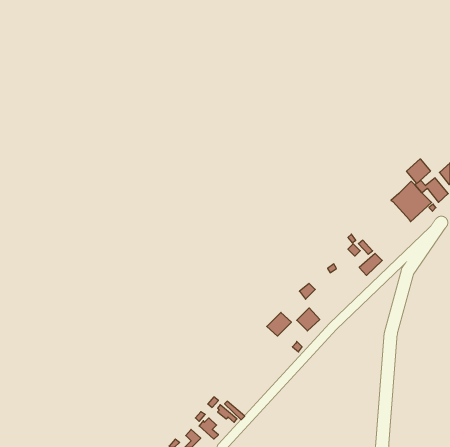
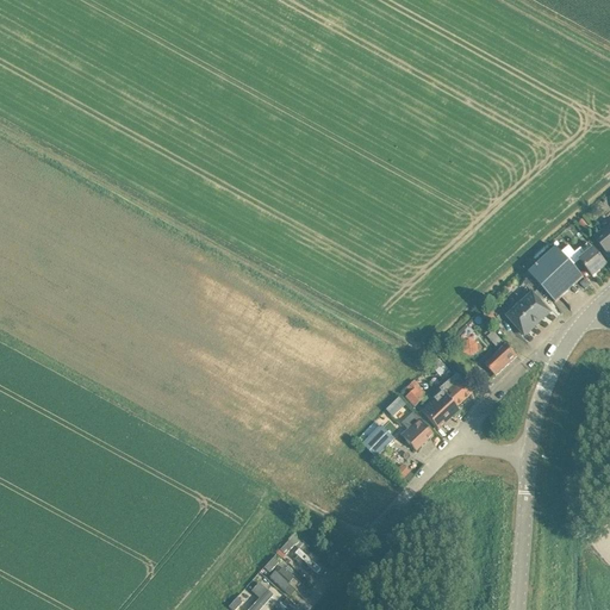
building: [407,159,430,183] -> none
building: none -> [508,291,550,332]
building: none -> [421,374,471,428]

